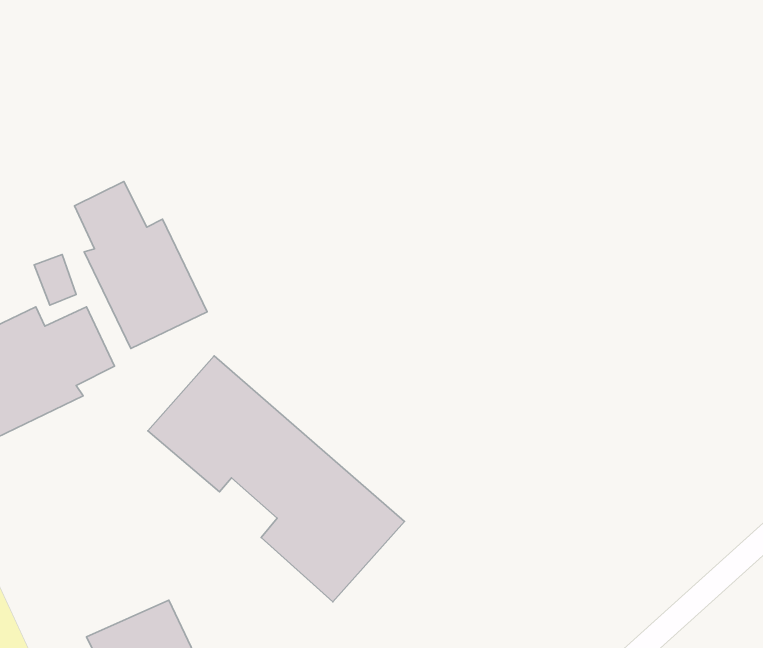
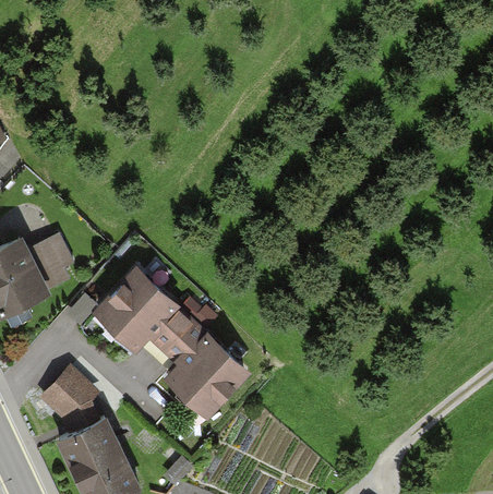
building: [75,181,207,349] -> none
building: none -> [40,366,98,425]

